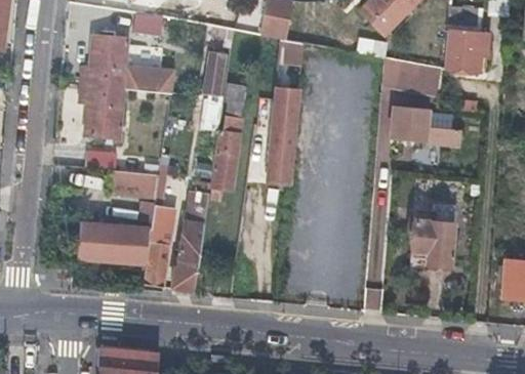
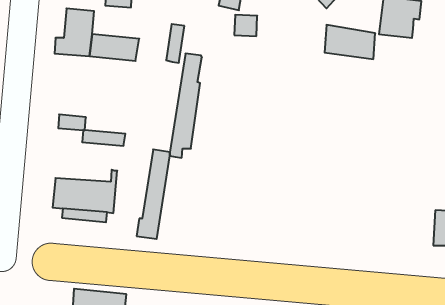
building: [80,86,120,139] -> none
building: [268,89,297,186] -> none
building: [390,107,461,147] -> none
building: [411,204,455,271] -> none
building: [144,208,174,288] -> none

